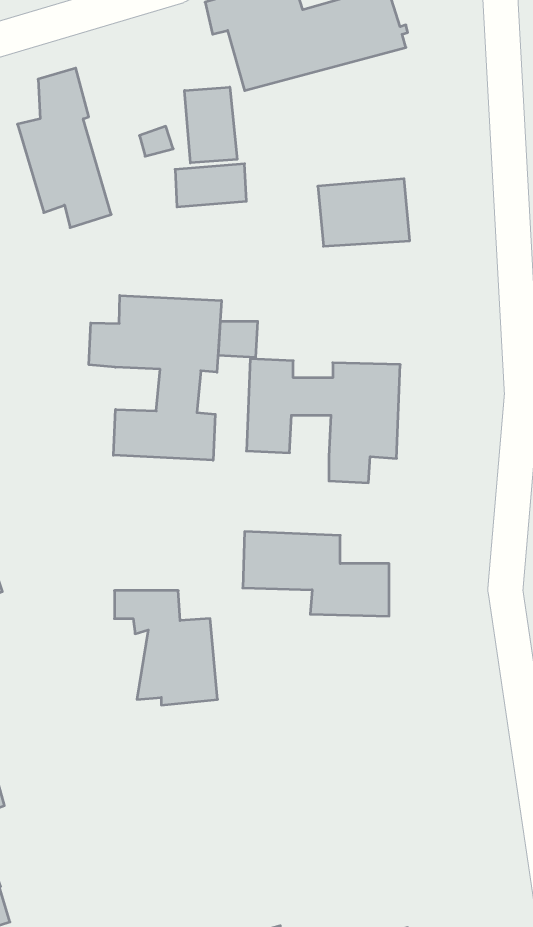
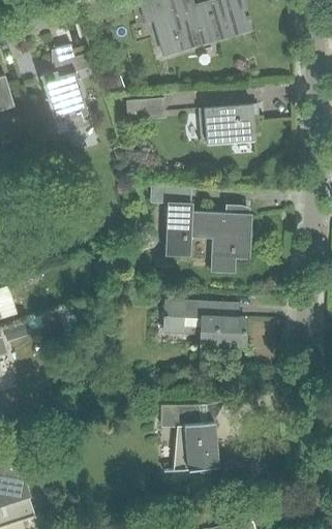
building: [185,87,237,163] -> none
building: [89,295,221,460] -> none
building: [114,591,218,705] -> [162,407,219,470]

